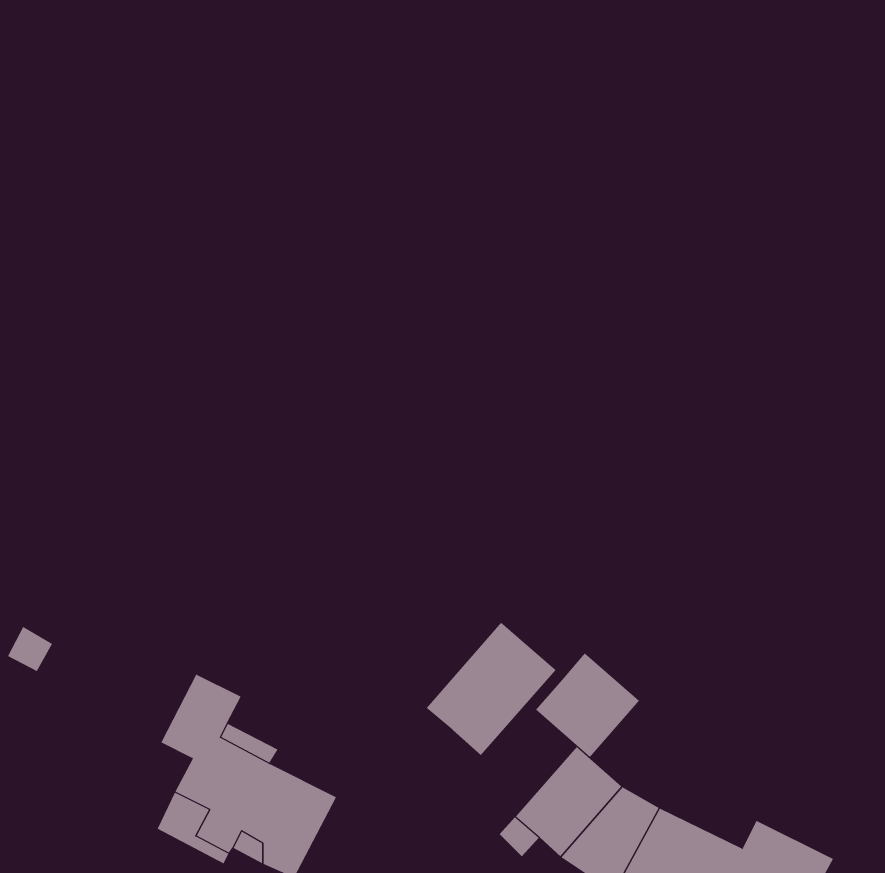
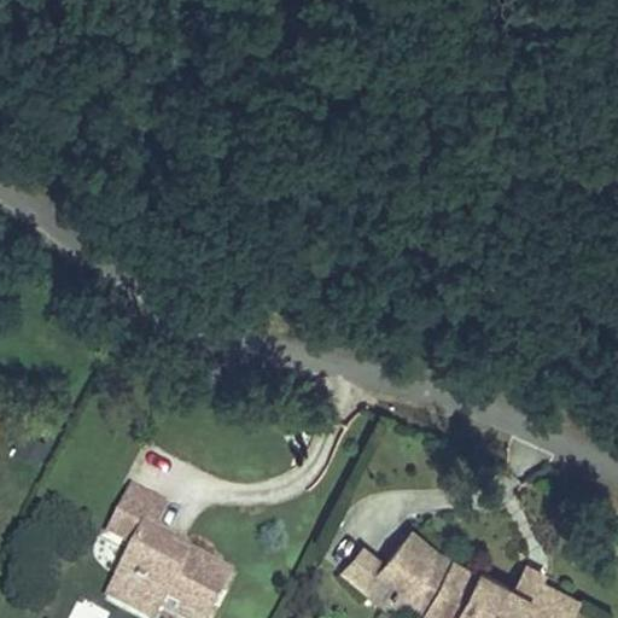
building: [426,622,556,756] -> none
building: [535,653,640,758] -> none

